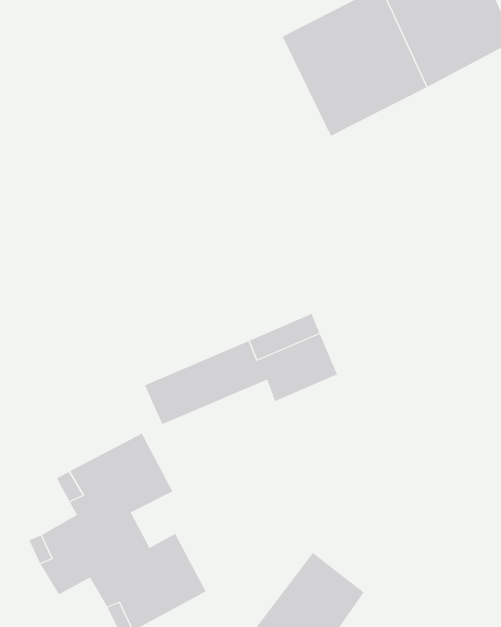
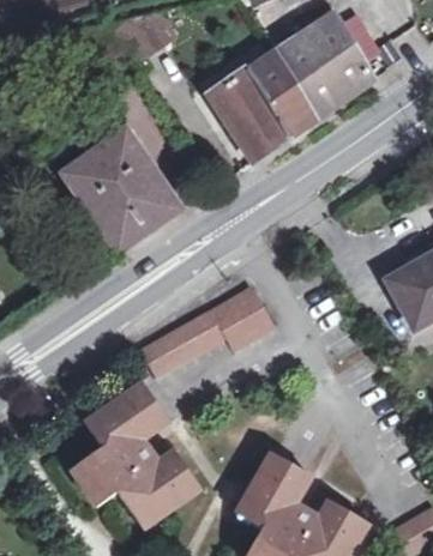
building: none -> [61,129,180,255]

